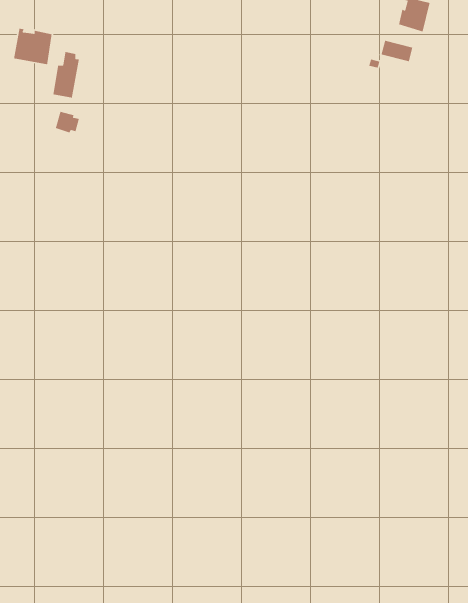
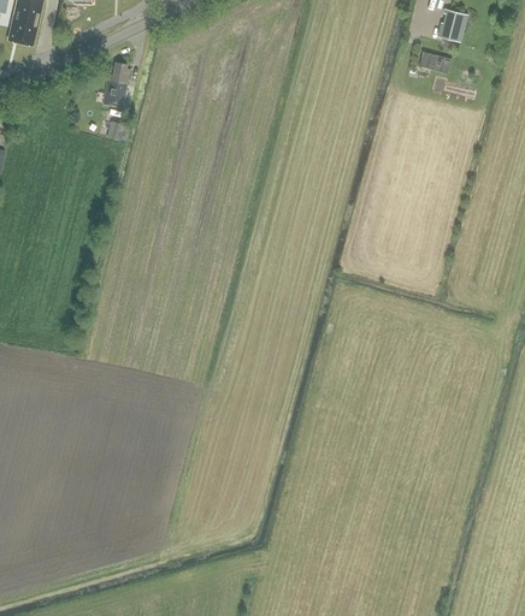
building: [13,28,52,65] -> none

